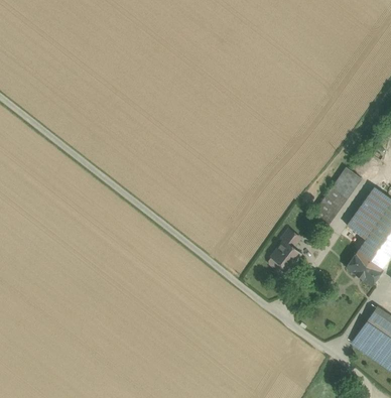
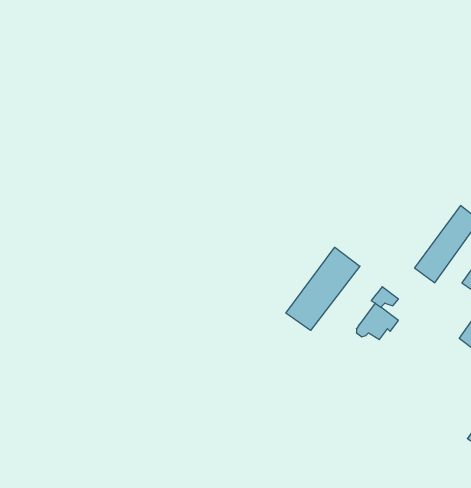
building: none -> [286,247,360,330]

